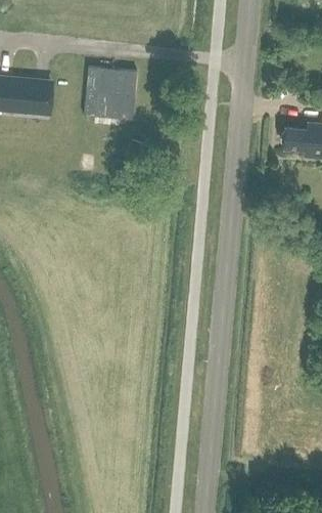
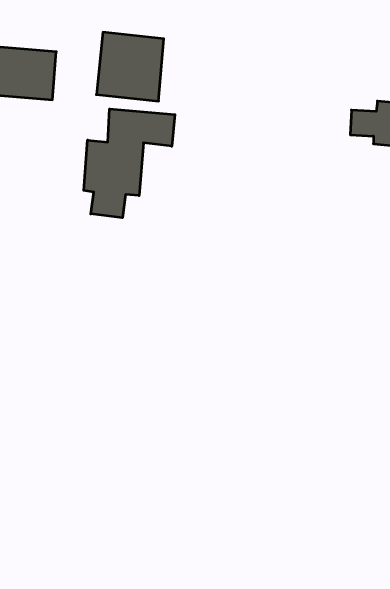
building: none -> [84,109,175,218]

